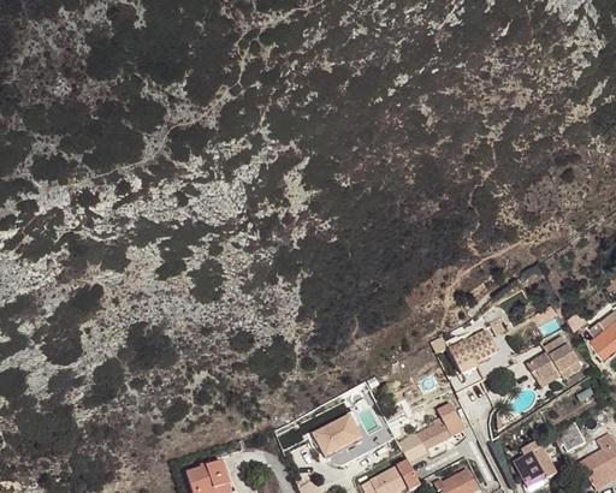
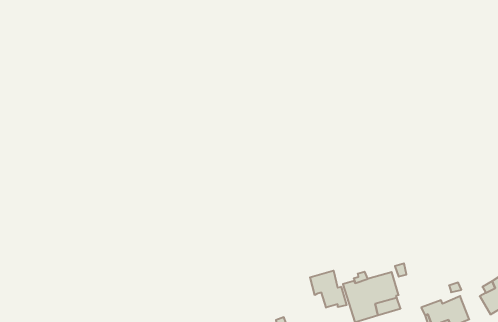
building: none -> [310,271,347,308]

